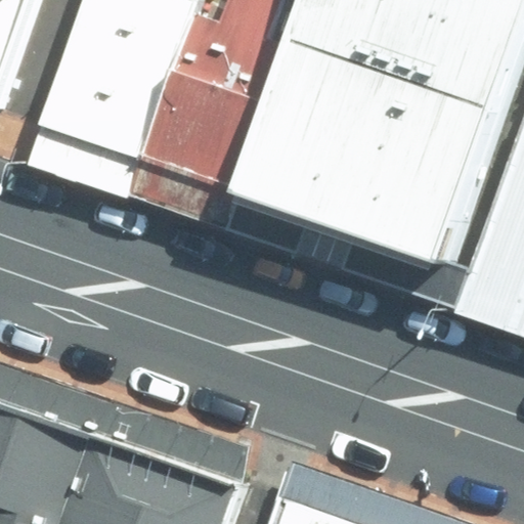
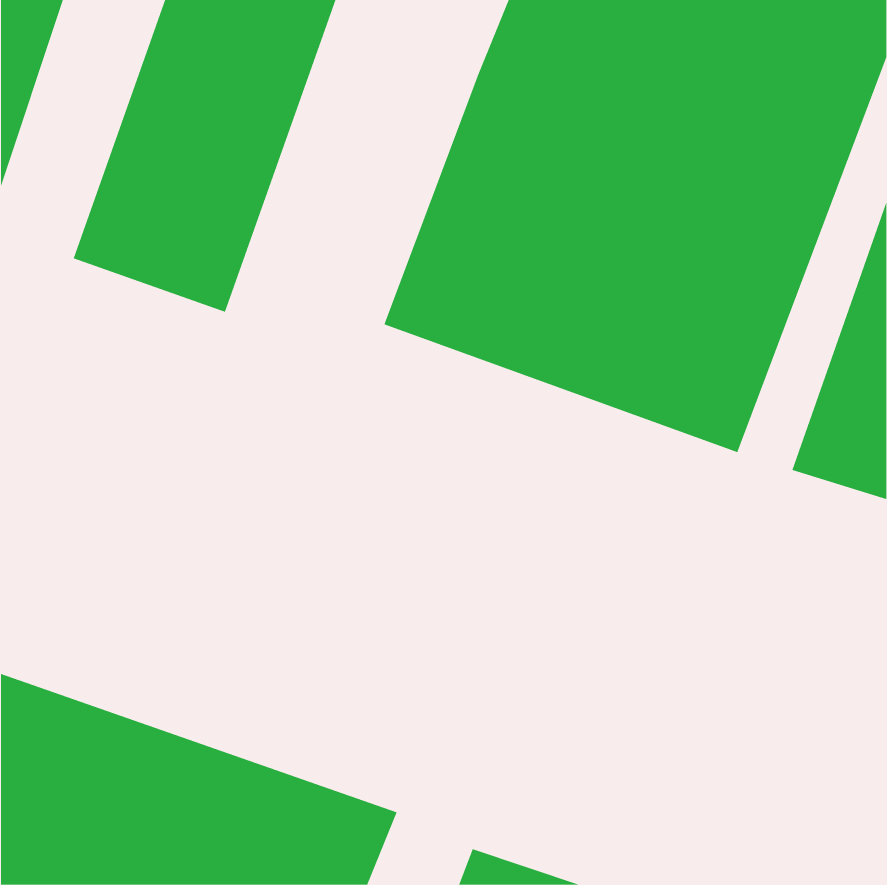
building: [133,13,281,216] -> none

